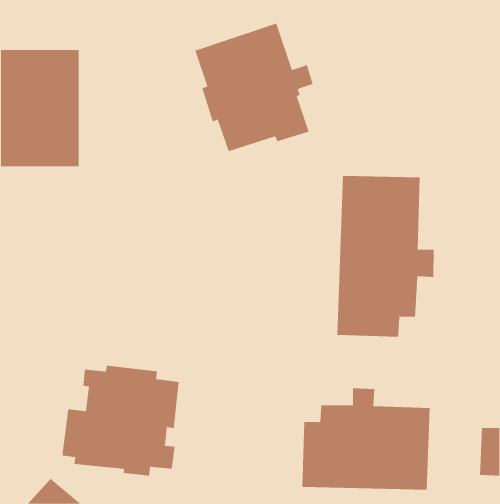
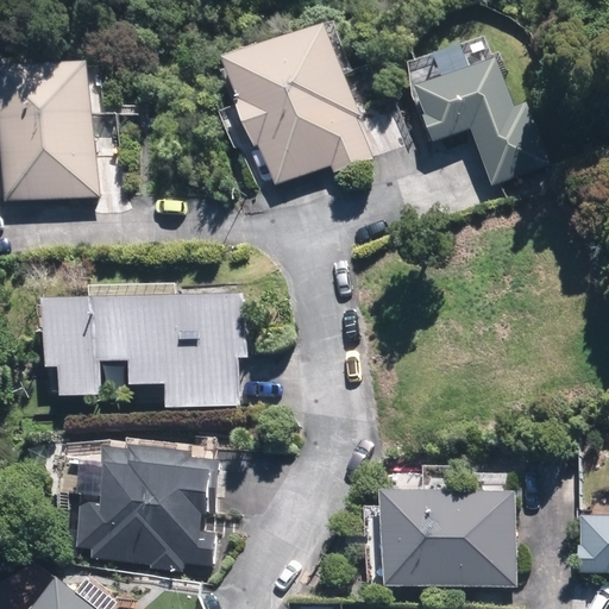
building: none -> [397,31,542,187]
building: [337,175,434,338] -> none
building: none -> [46,283,246,408]

